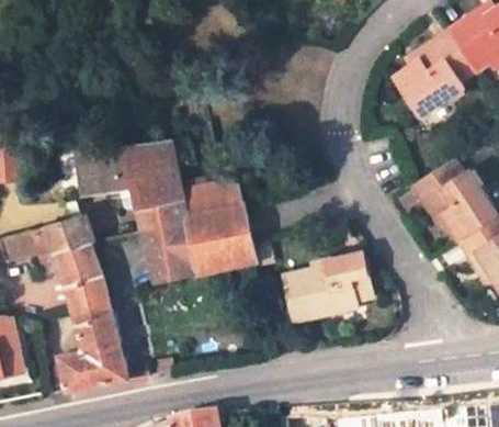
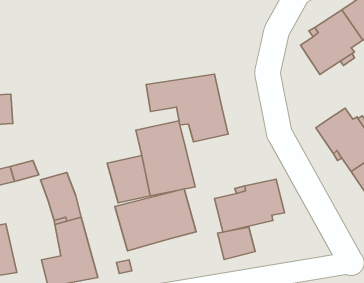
building: [81,144,188,232] -> [146,74,228,142]
building: [46,217,90,254] -> none
building: none -> [115,189,196,251]
building: none -> [218,227,255,259]

